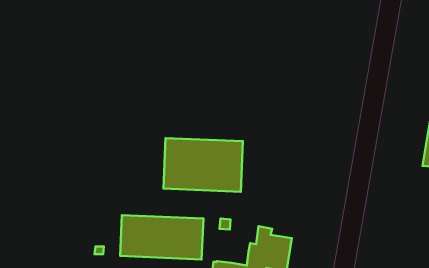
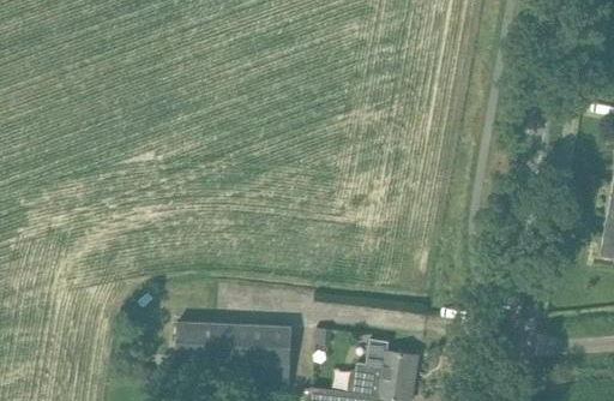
building: [164,138,243,192] -> none

